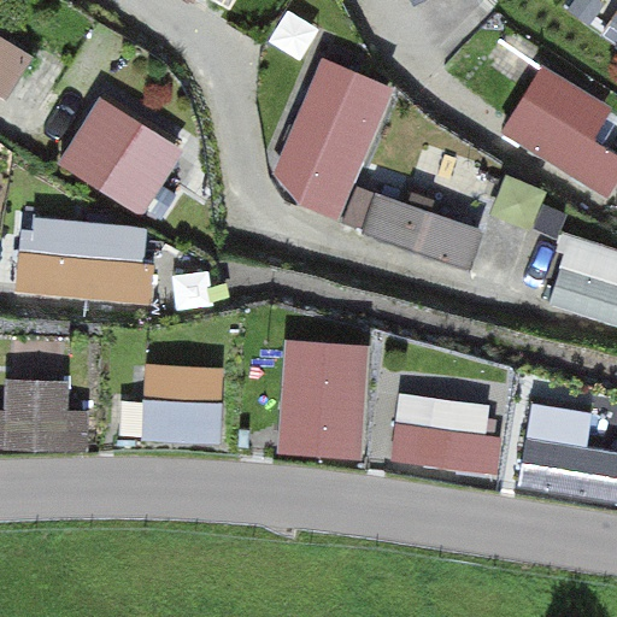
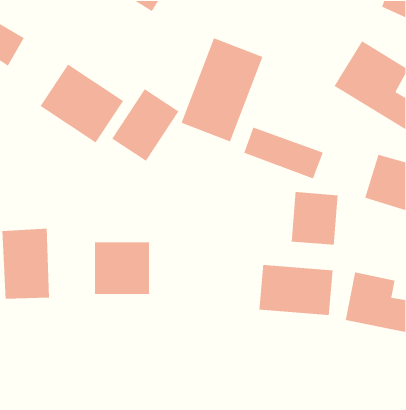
building: none -> [111,88,179,162]
building: [17,216,152,298] -> none
building: none -> [291,191,339,246]
building: [280,343,370,459] -> none

